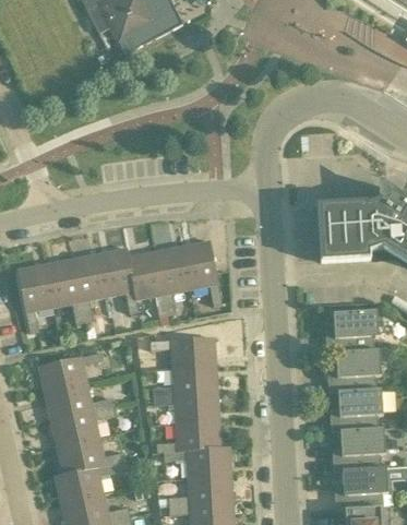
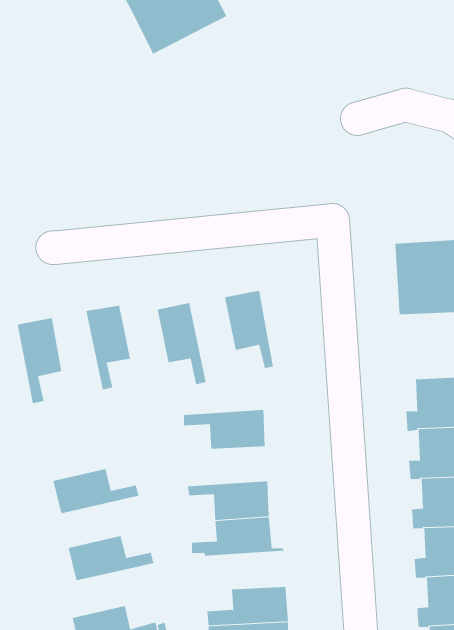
building: [154,247,190,314] -> none
building: [98,248,137,312] -> none
building: [45,258,84,323] -> none
building: [38,350,103,393] -> none
building: [152,366,216,397] -> none
building: [51,405,116,446] -> none
building: [165,449,230,479] -> none
building: [53,461,119,502] -> none

